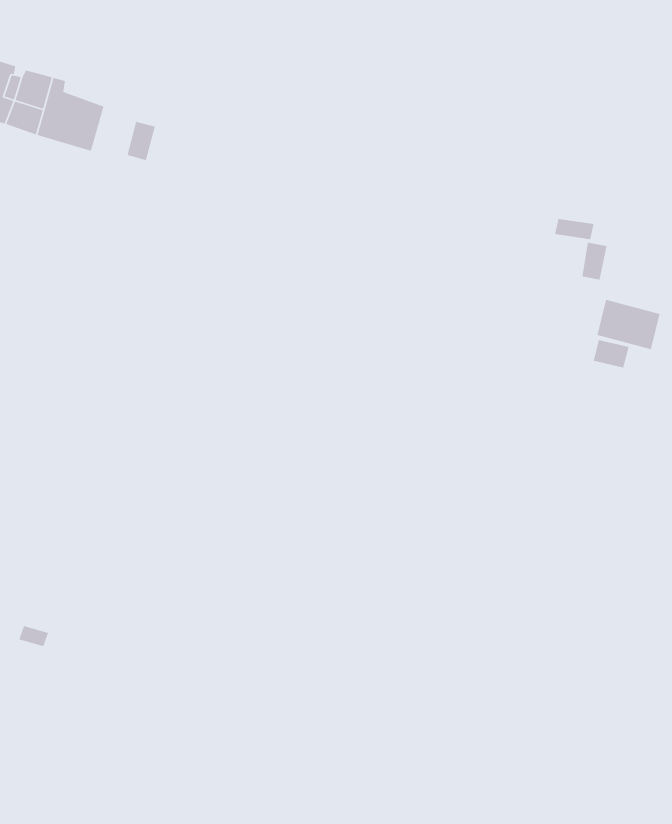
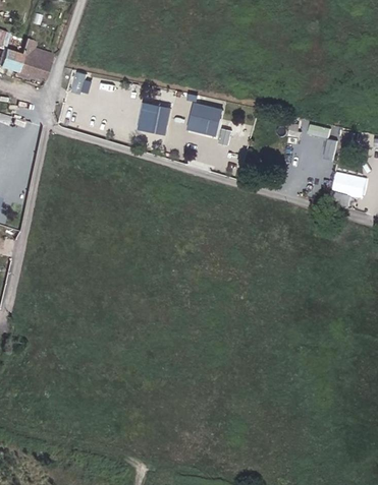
building: none -> [139,99,162,129]
building: none -> [188,102,212,130]

